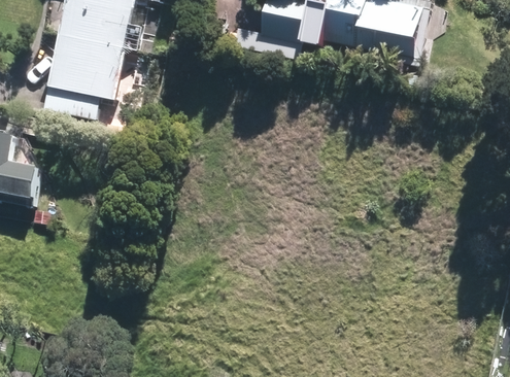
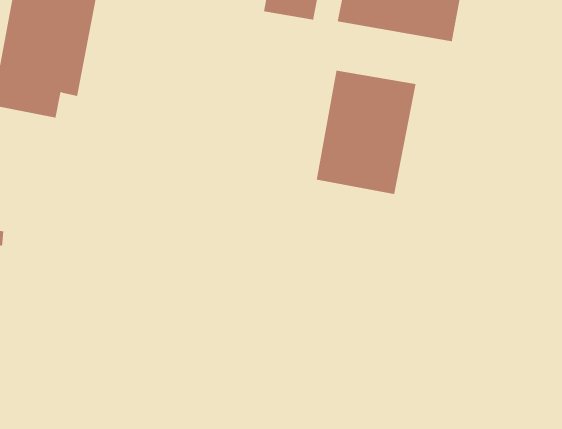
building: none -> [316,70,416,195]

